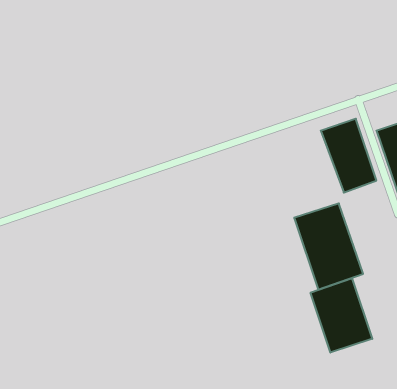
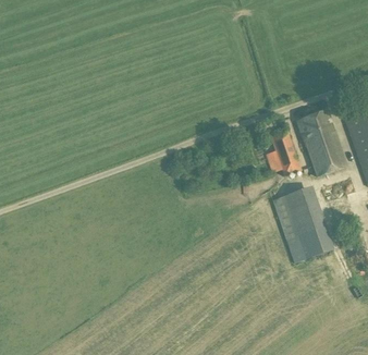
building: none -> [265,130,300,175]
building: [311,278,372,353] -> none

